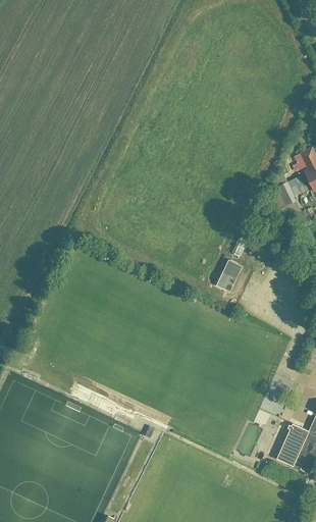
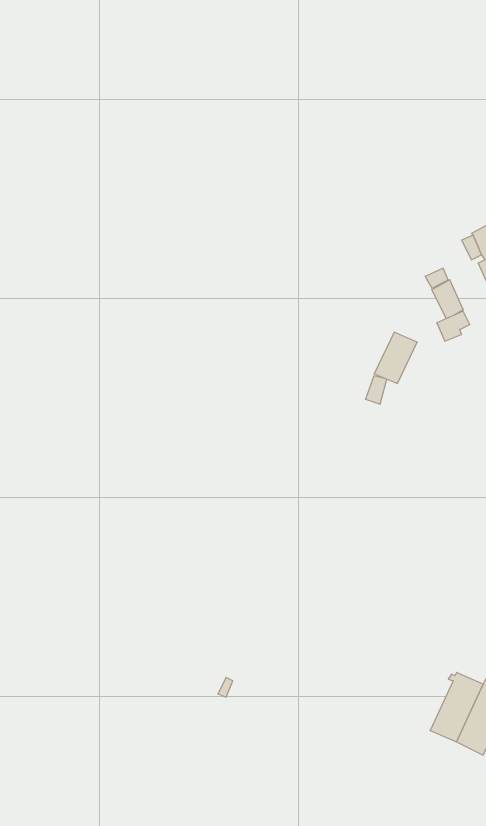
building: [215,260,242,292] -> [374,332,417,384]

